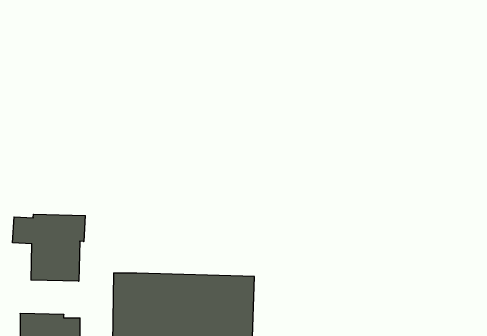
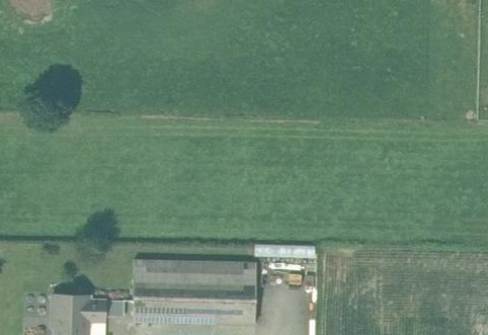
building: [13,214,85,281] -> none

